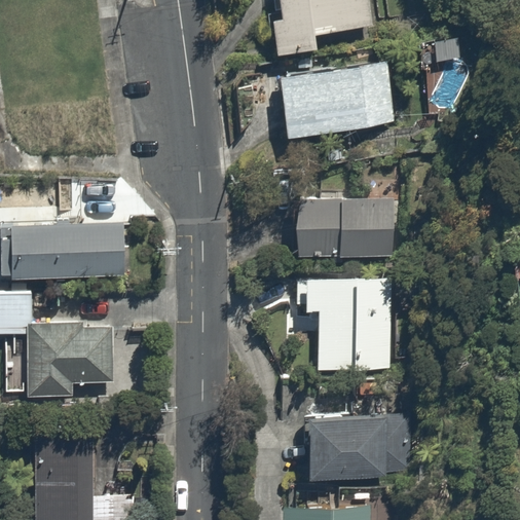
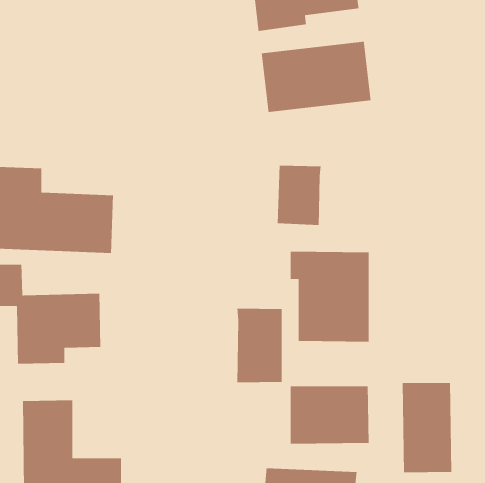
building: [339,179,399,259] -> none
building: none -> [237,308,283,383]
building: none -> [402,382,452,473]

